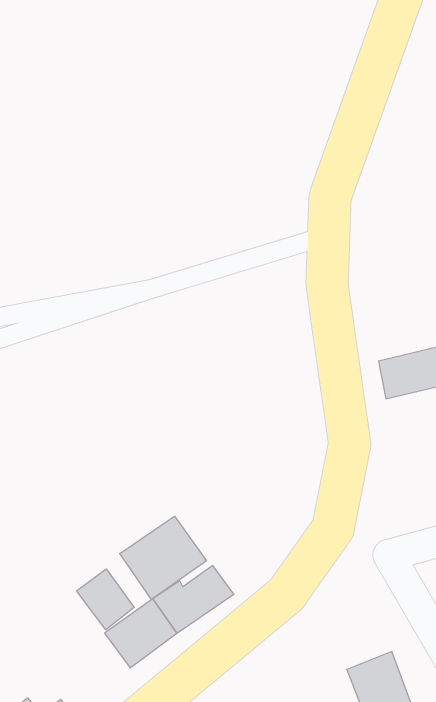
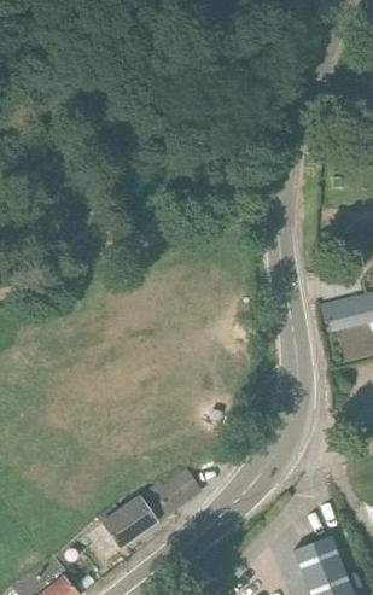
building: [120,516,206,600] -> none
building: [76,569,134,630] -> none

